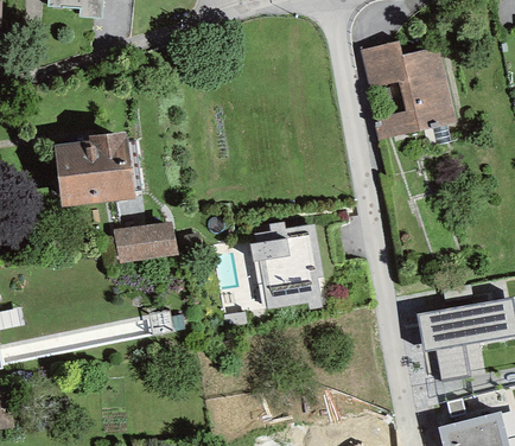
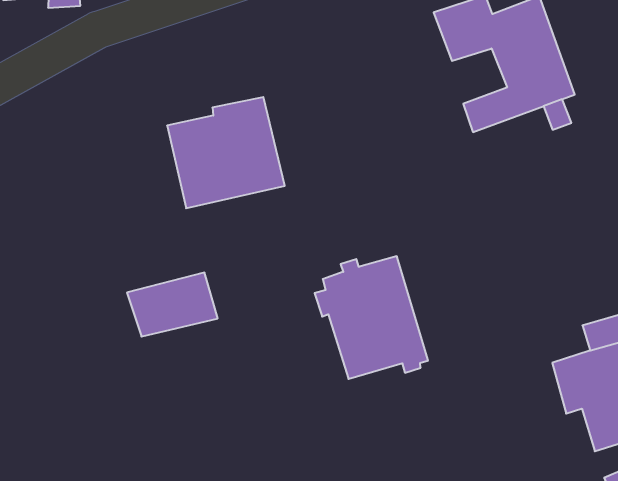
building: [55,132,135,206] -> [167,97,285,208]

